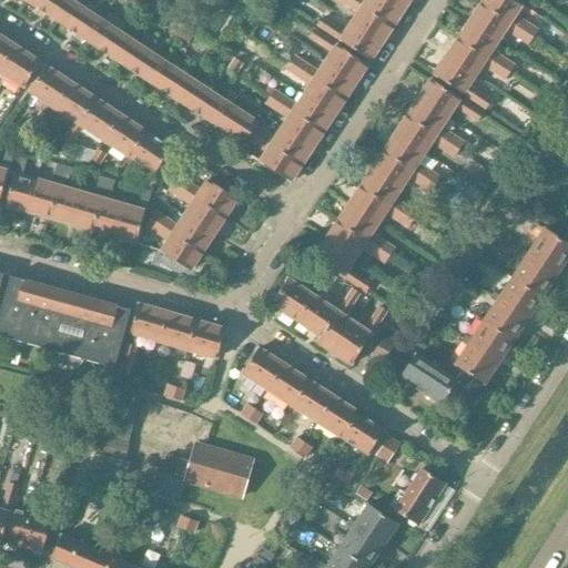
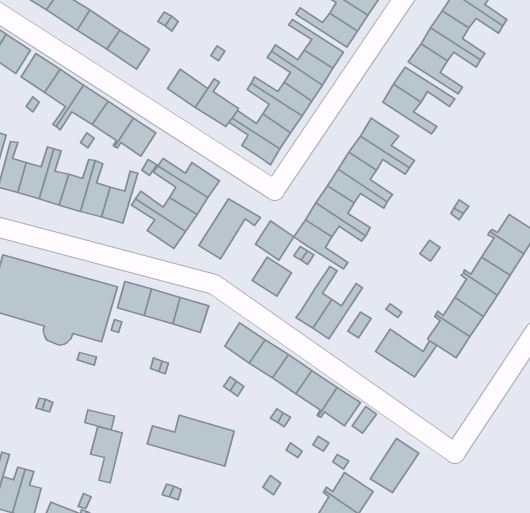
building: [151,60,196,101] -> none
building: [396,115,459,155] -> none
building: none -> [199,199,260,259]
building: [297,294,337,335] -> [255,221,294,260]
building: none -> [91,426,122,483]

